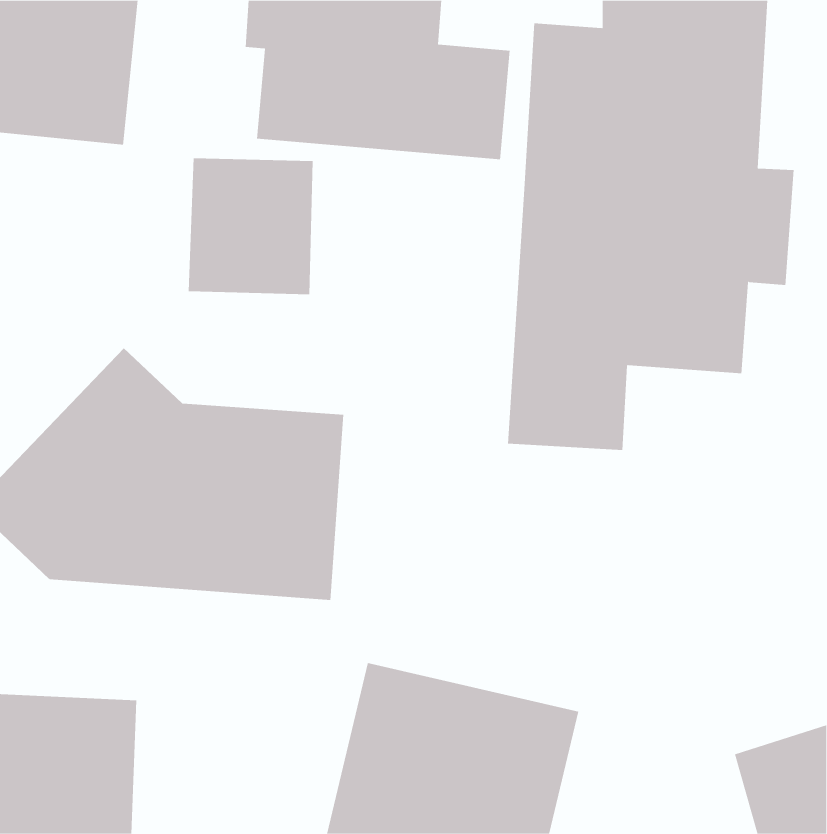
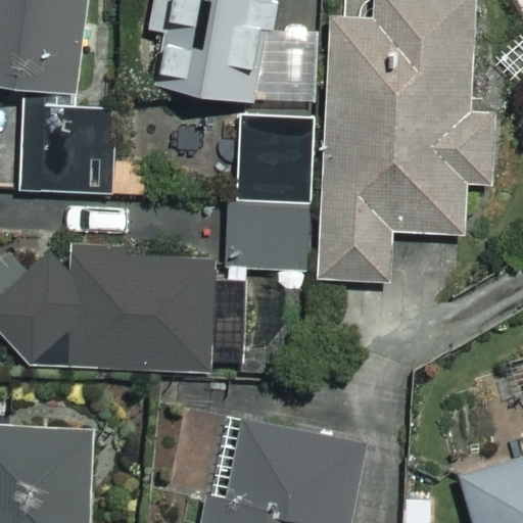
building: [188,158,314,295] -> [20,105,99,191]
building: none -> [229,113,328,278]

